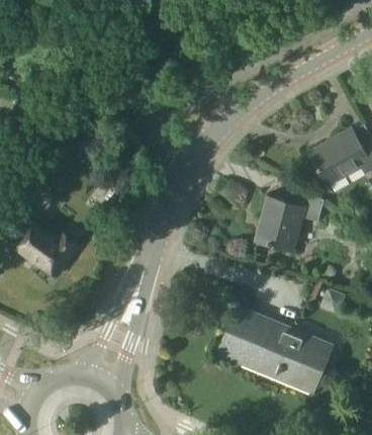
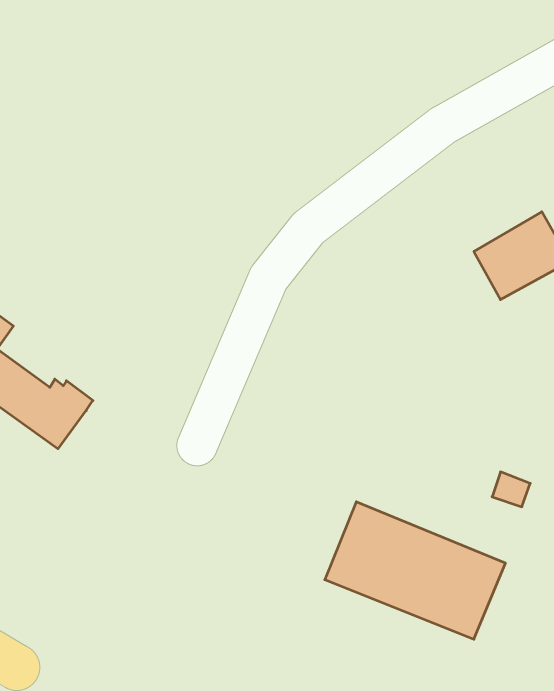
building: [257,183,324,250] -> none

